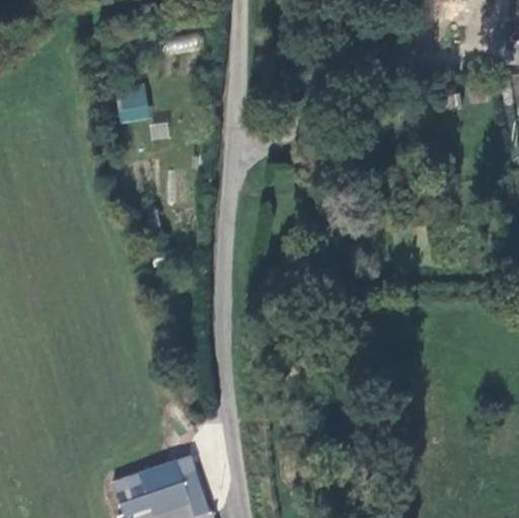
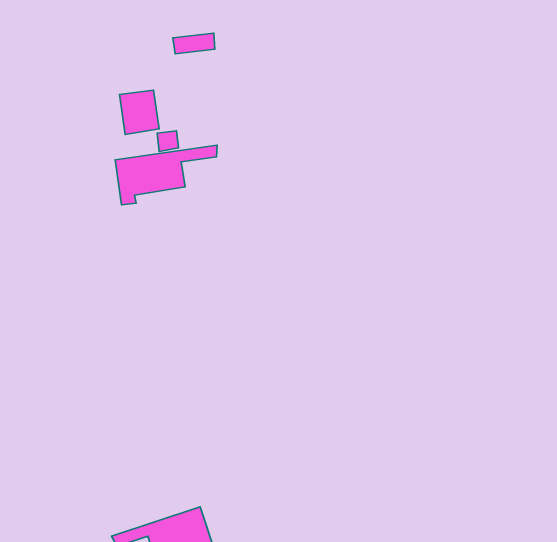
building: none -> [115,145,217,205]

